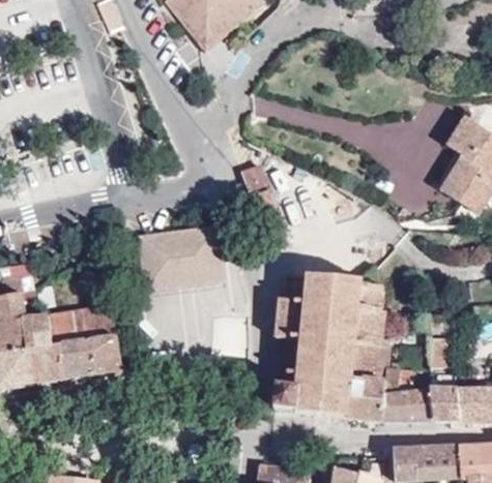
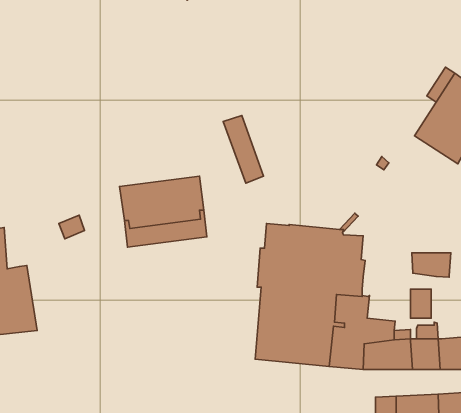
building: none -> [412,253,451,277]
building: [45,306,122,381] -> none

